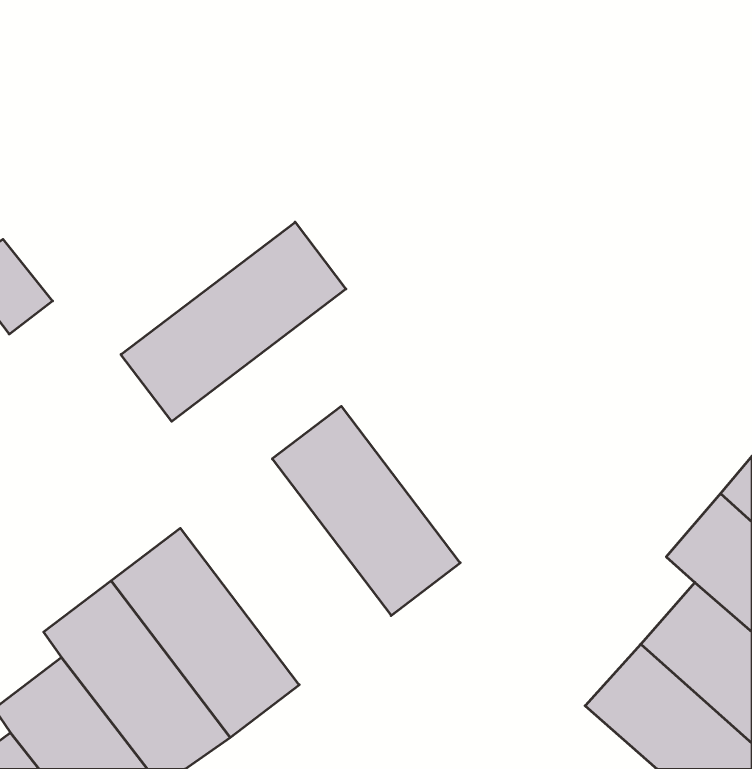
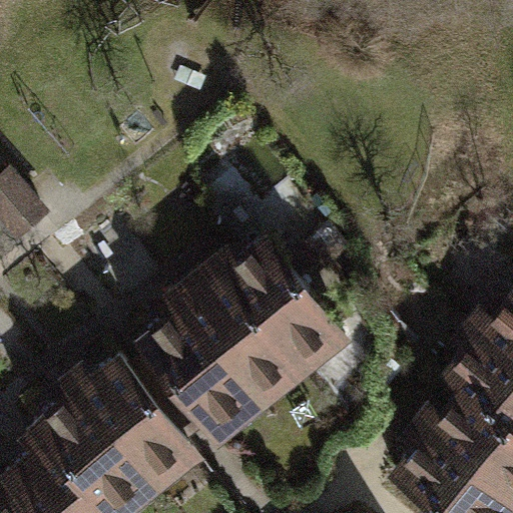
building: [121,222,346,421] -> none
building: none -> [227,236,352,375]
building: none -> [136,306,261,444]

